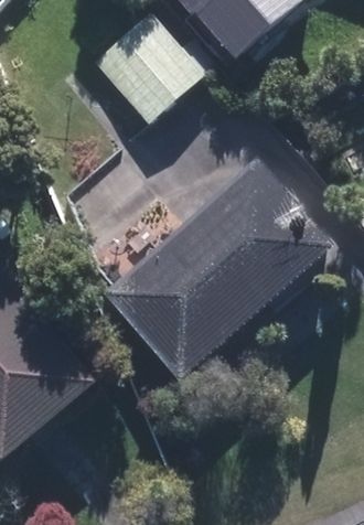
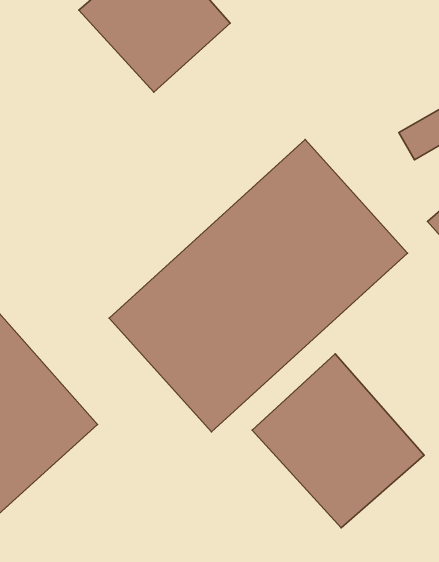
building: none -> [252,354,424,528]

